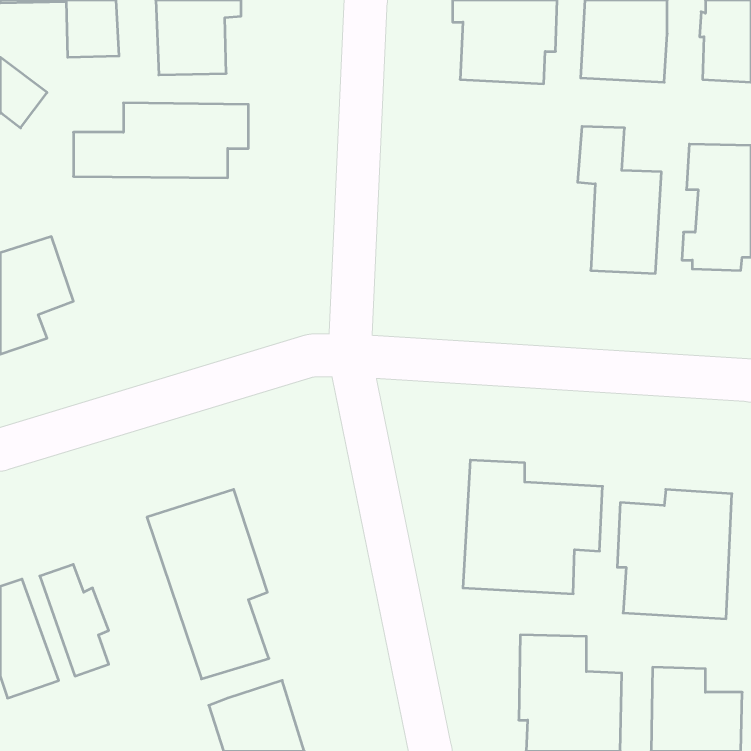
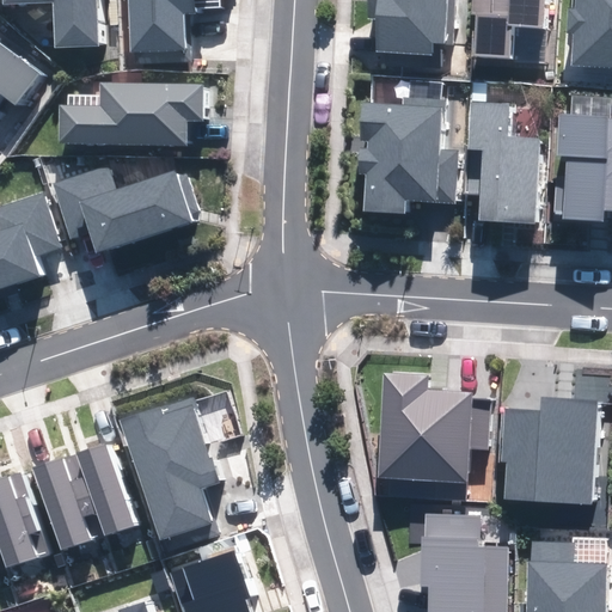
building: none -> [357,99,457,213]
building: none -> [54,167,201,252]
building: none -> [75,445,133,536]

